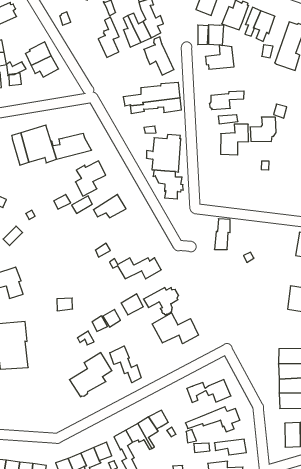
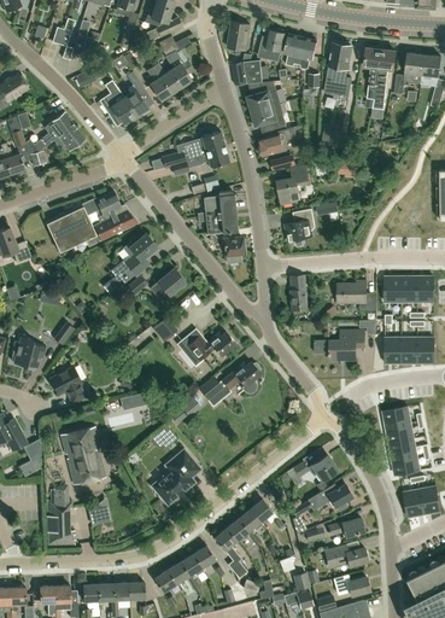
building: [144,37,174,75] -> [99,83,136,126]
building: none -> [251,104,287,130]
building: [250,117,276,141] -> [285,210,315,241]
building: none -> [81,192,121,221]
building: none -> [338,281,375,311]
building: none -> [330,331,364,360]
building: [152,313,199,344] -> none
building: [110,346,141,383] -> none

